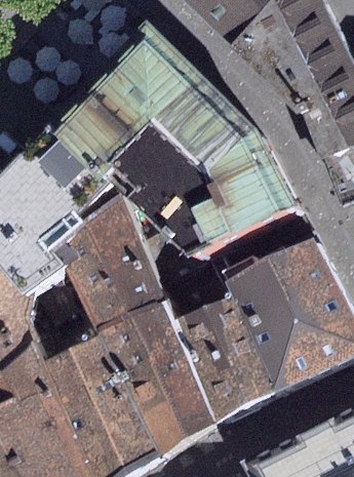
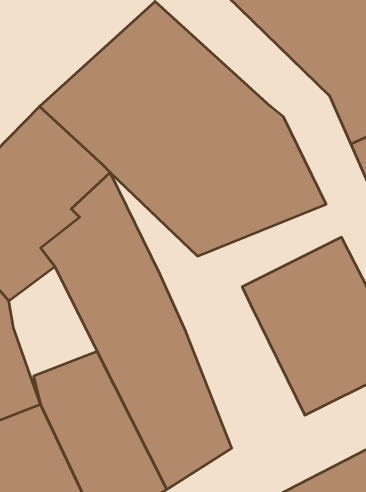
building: [176,297,280,423] -> none

